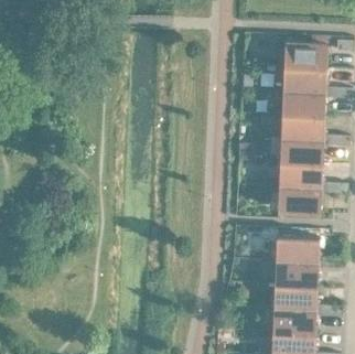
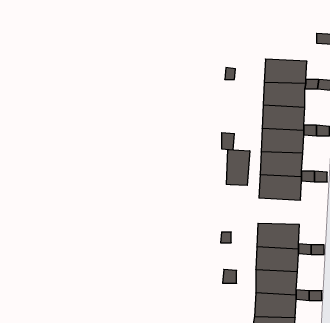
building: [283,44,327,71] -> none
building: none -> [226,150,250,185]

